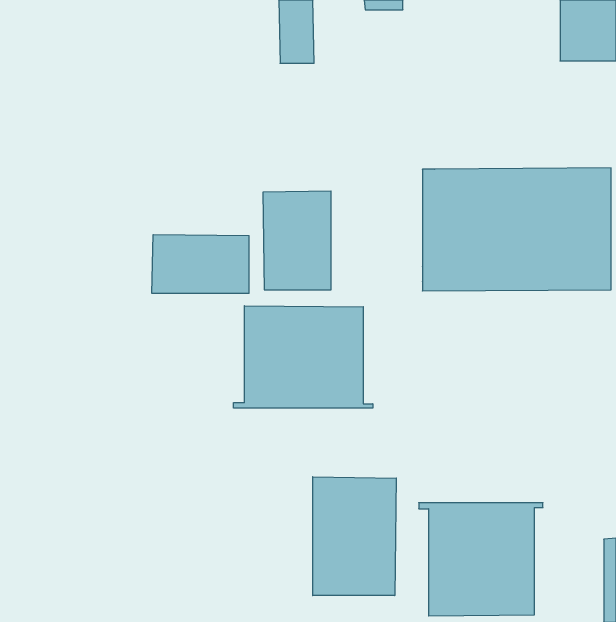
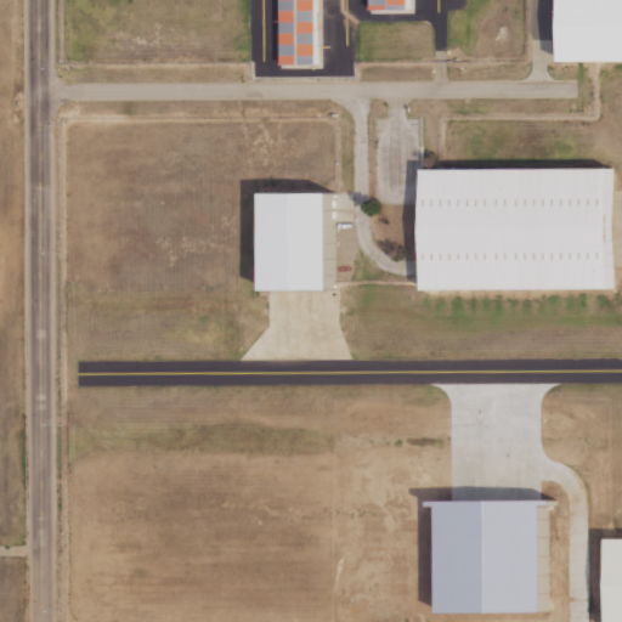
building: [152,235,249,293] -> none
building: [234,306,373,408] -> none
building: [313,477,396,596] -> none

